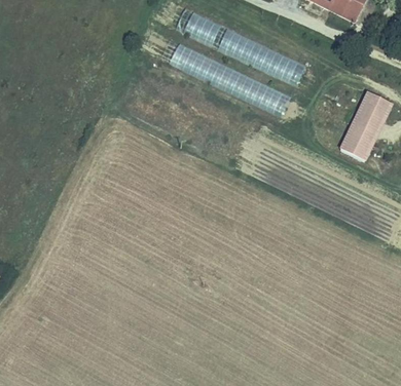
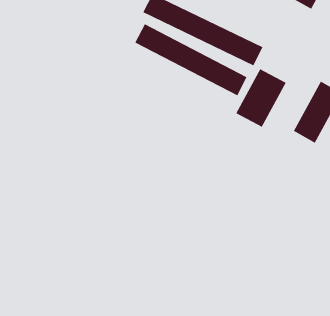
building: none -> [235,68,287,128]

